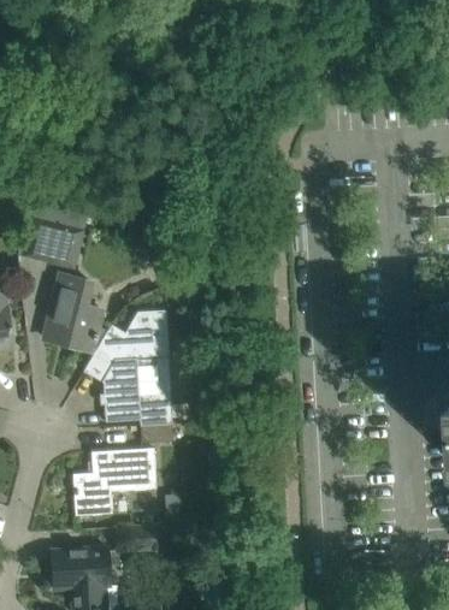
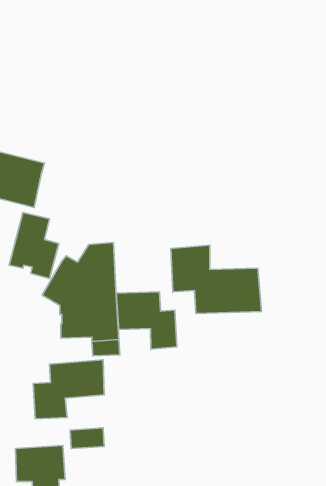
building: none -> [171,245,261,314]
building: none -> [116,292,177,349]

